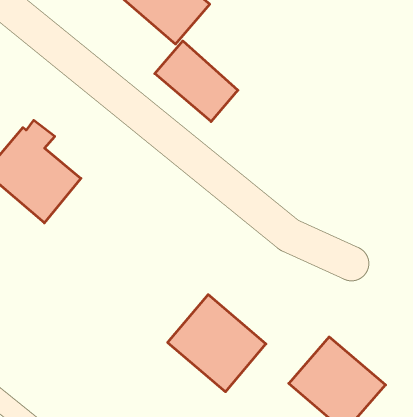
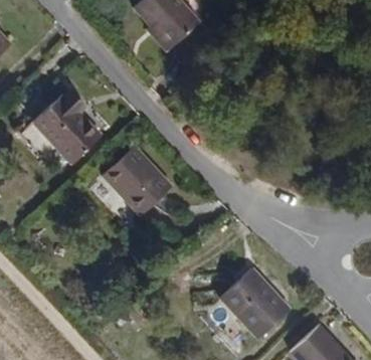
building: [155,41,238,122] -> none
building: [168,295,266,392] -> [104,146,171,214]

